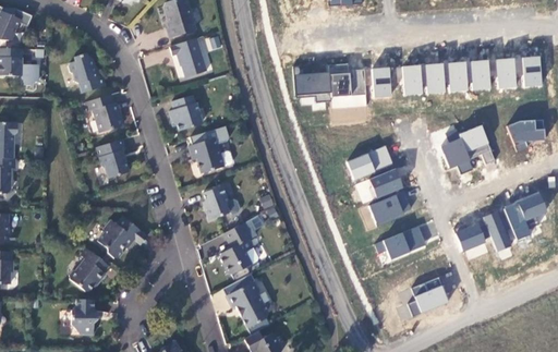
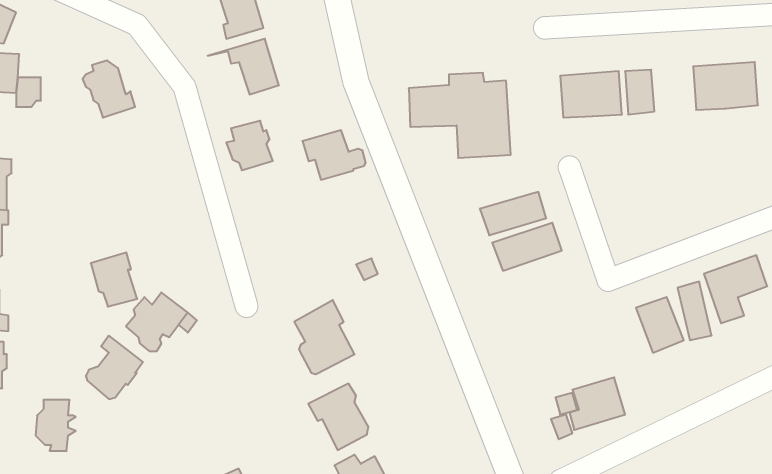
building: [472,59,492,89] -> none
building: [372,65,393,97] -> none
building: [85,95,121,133] -> none
building: [510,119,546,150] -> none
building: [442,124,496,172] -> none
building: [187,138,232,173] -> [302,130,366,180]
building: [96,139,129,178] -> [91,252,137,307]
building: [203,185,240,220] -> none
building: [371,192,413,221] -> none
building: [375,223,427,263] -> none
building: [70,300,98,336] -> [36,400,76,451]

